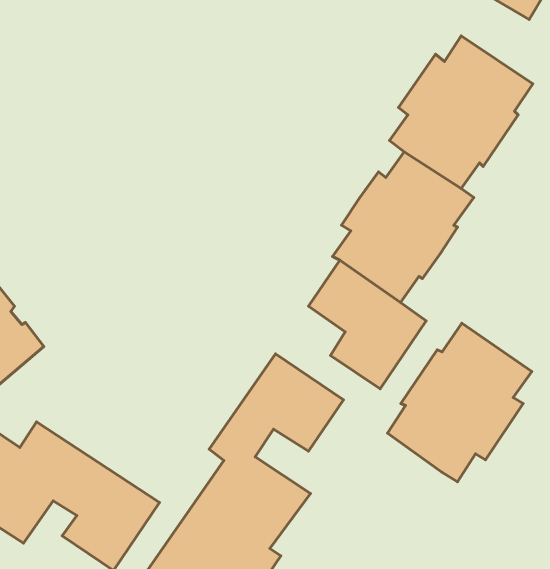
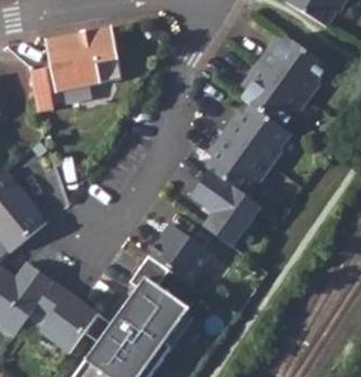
building: none -> [34,28,111,93]
building: [387,323,532,482] -> none

